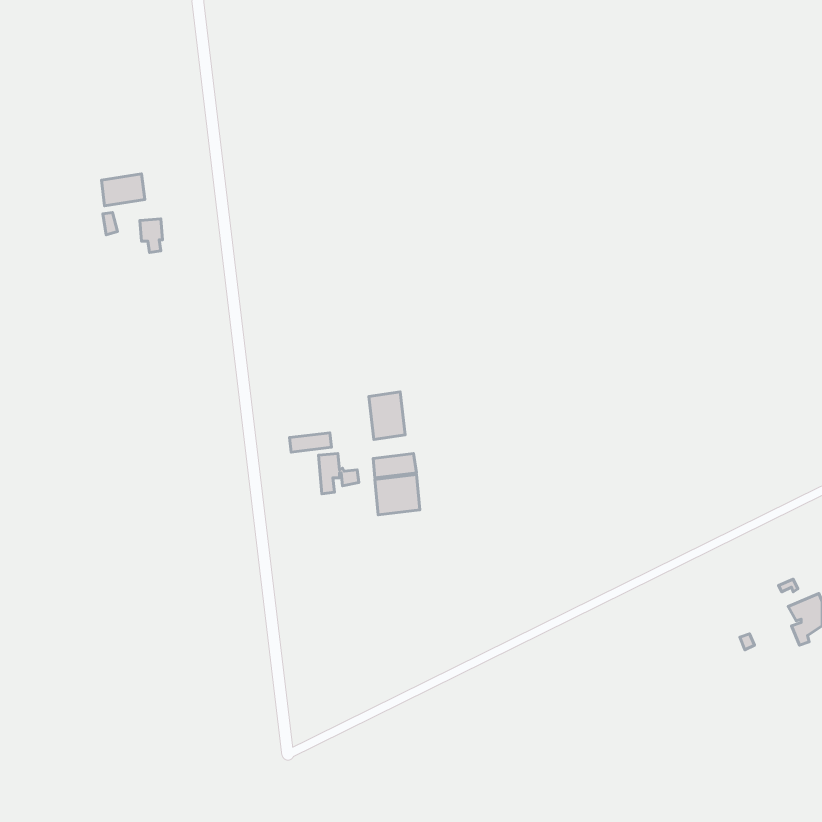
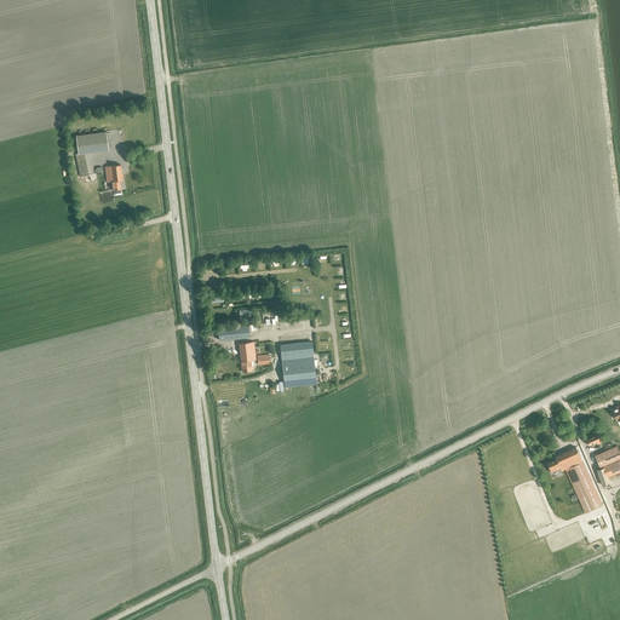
building: [369,392,405,439] -> none
building: none -> [547,447,602,512]

